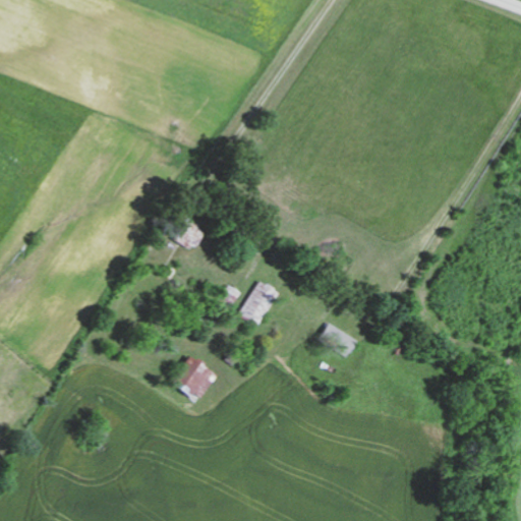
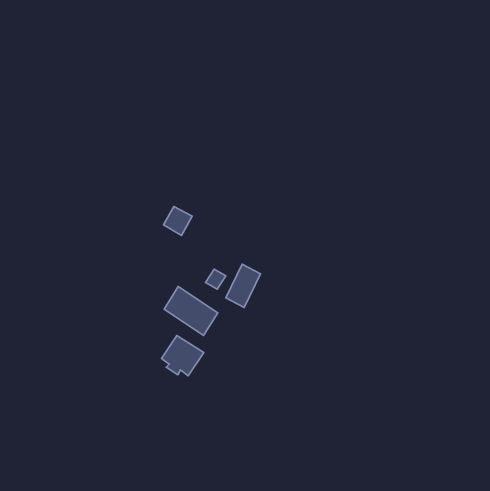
building: none -> [164,286,218,336]
building: [317,324,355,354] -> none

